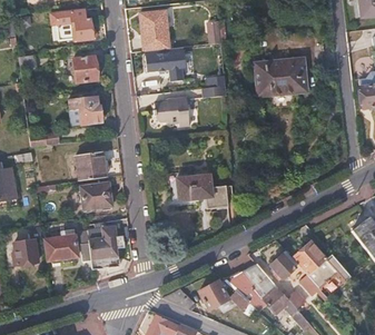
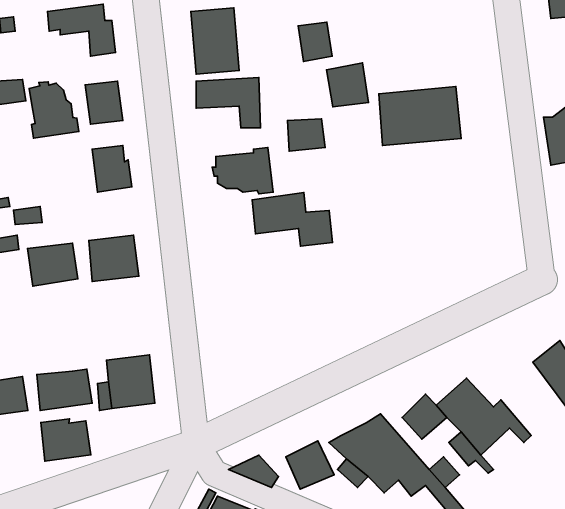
building: none -> [327,63,369,107]
building: none -> [29,82,79,138]
building: [177,175,227,208] -> [252,193,333,246]
building: [80,183,111,209] -> [28,243,78,286]
building: none -> [41,419,91,461]

